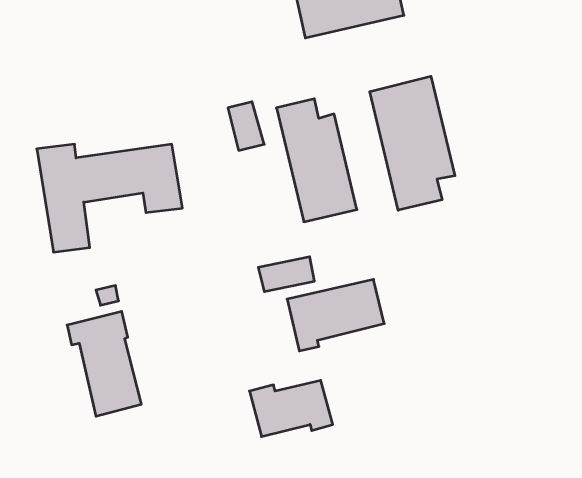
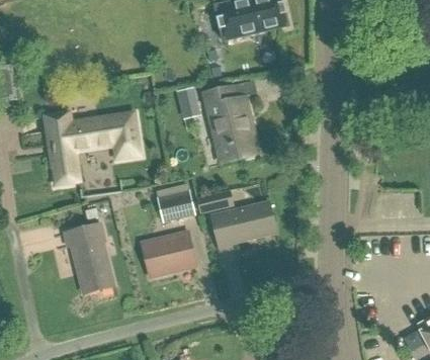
building: [370,76,455,210] -> none
building: none -> [155,181,194,221]
building: [249,380,333,437] -> [141,235,196,272]

